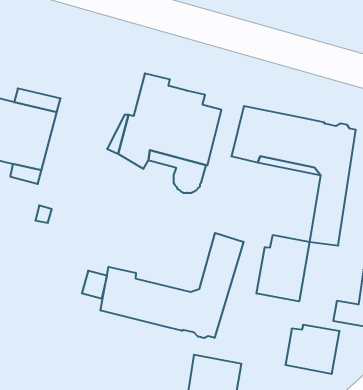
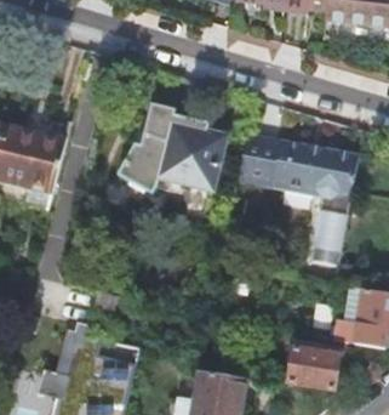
building: [101,233,244,338] -> none
building: [256,235,309,301] -> none

